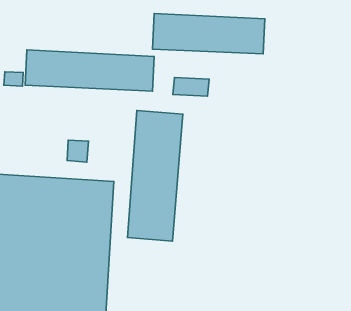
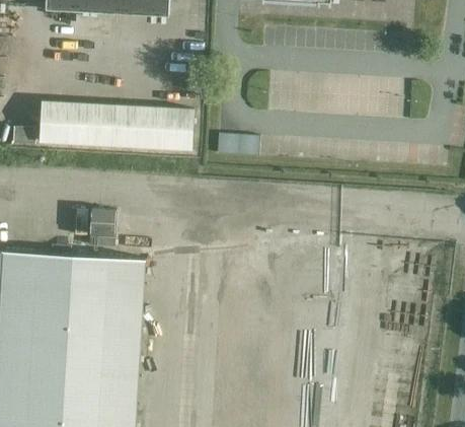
building: [152,13,265,54] -> none
building: [128,110,183,241] -> none

